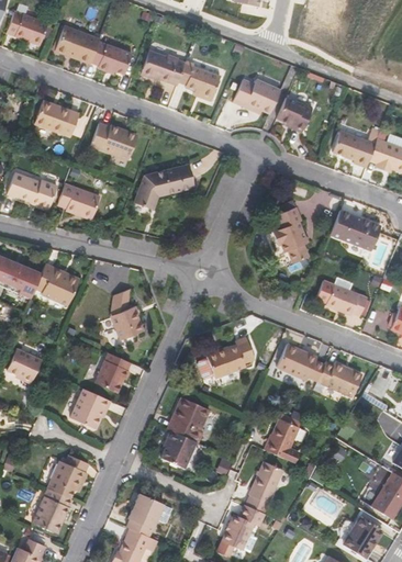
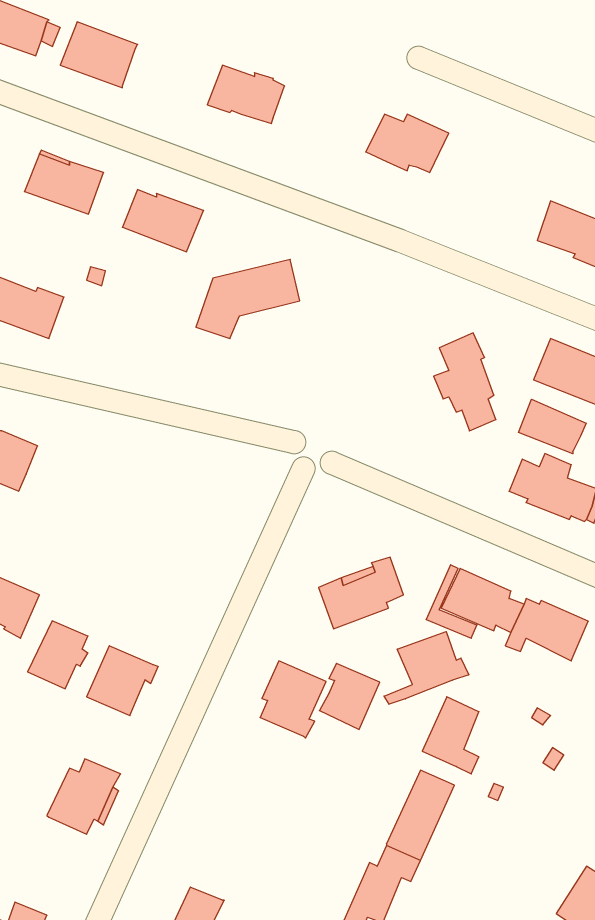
building: [90,40,132,74] -> none
building: [178,59,220,100] -> none
building: [277,95,312,132] -> none
building: [57,182,100,218] -> none
building: none -> [519,399,586,454]
building: [34,265,78,305] -> none
building: [110,288,143,339] -> none
building: [94,352,130,392] -> [28,621,88,689]
building: none -> [384,632,469,704]
building: [160,429,196,468] -> [319,663,380,729]
building: [32,487,72,532] -> none
building: [126,492,164,536] -> none

